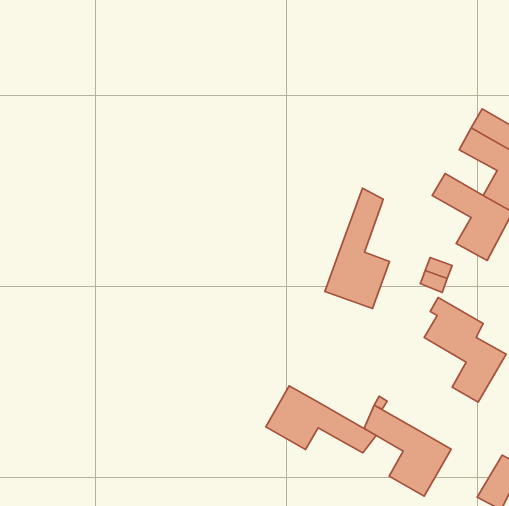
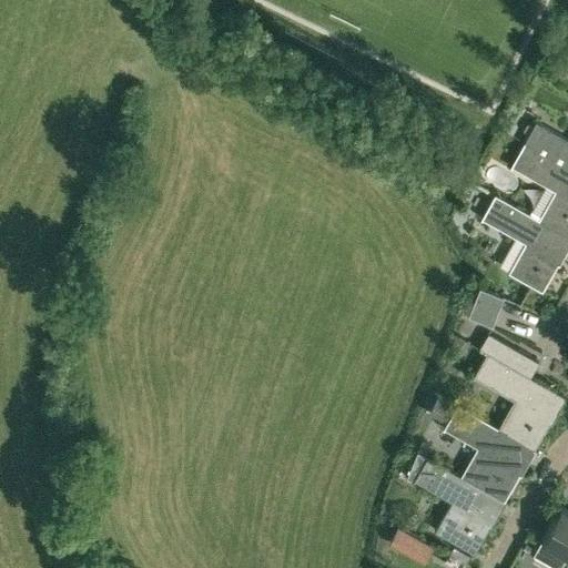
building: [325,188,390,309] -> none
building: none -> [445,407,532,504]
building: [266,386,376,453] -> none

